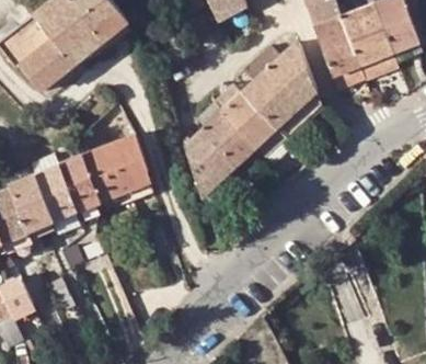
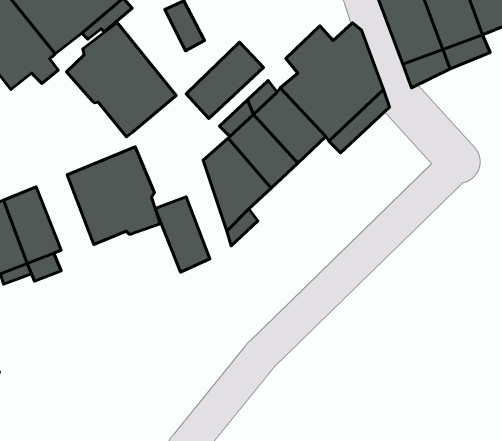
building: none -> [67,23,176,137]
building: none -> [186,42,263,119]
building: [60,156,101,212] -> [155,197,210,272]

